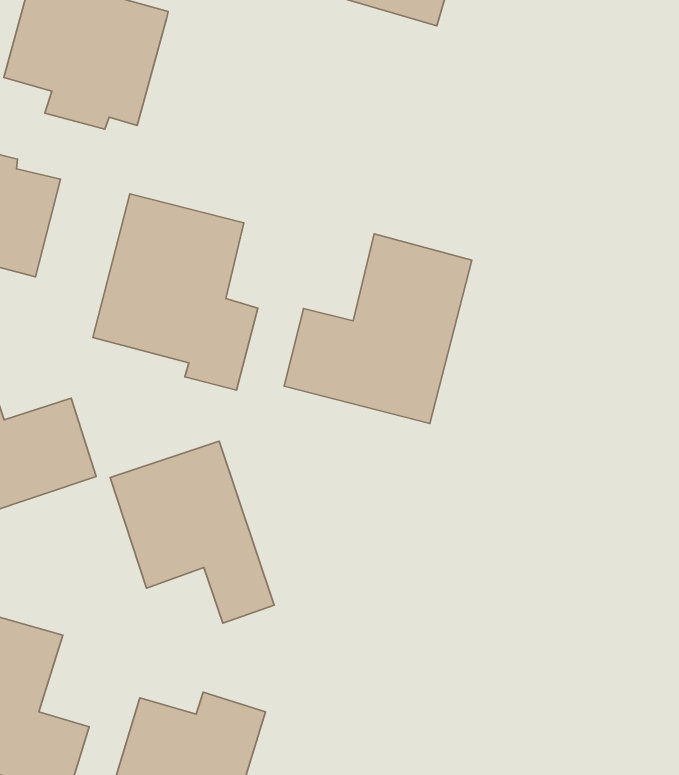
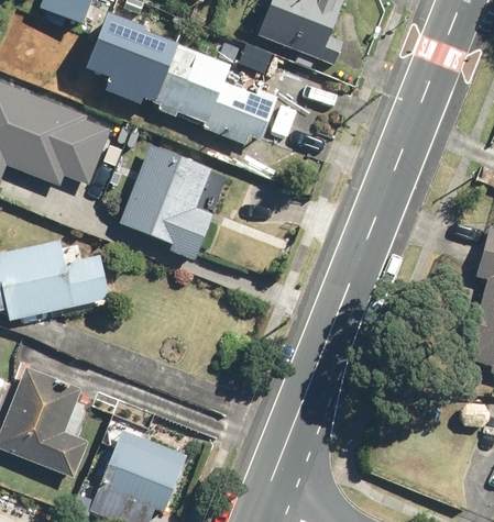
building: none -> [156,45,281,146]
building: [284,234,472,423] -> none
building: [110,441,274,623] -> none

